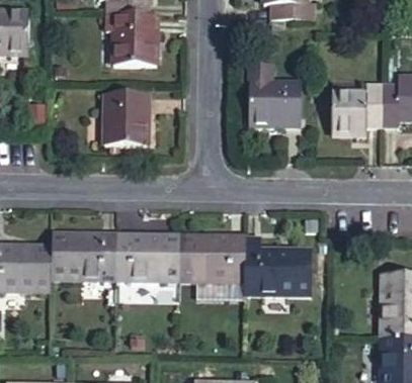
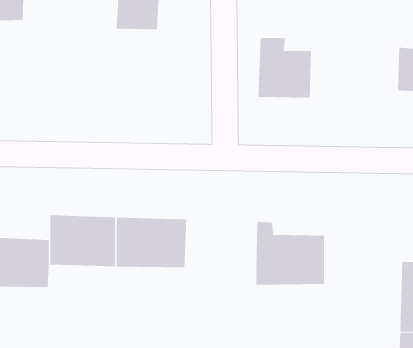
building: [329,75,379,125] -> none
building: [98,89,144,141] -> none
building: [179,236,246,284] -> none

